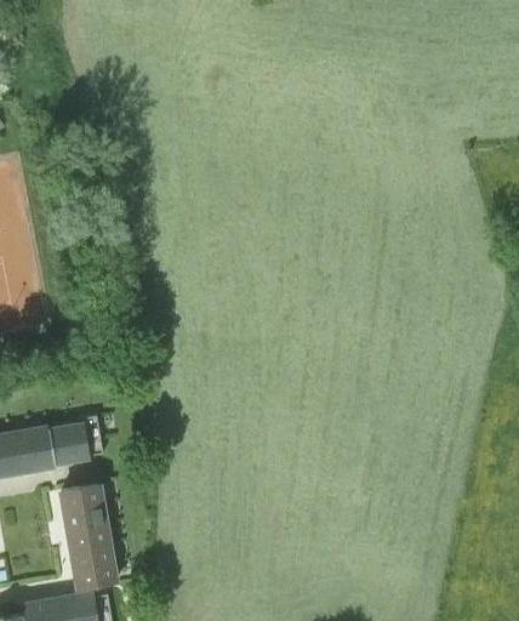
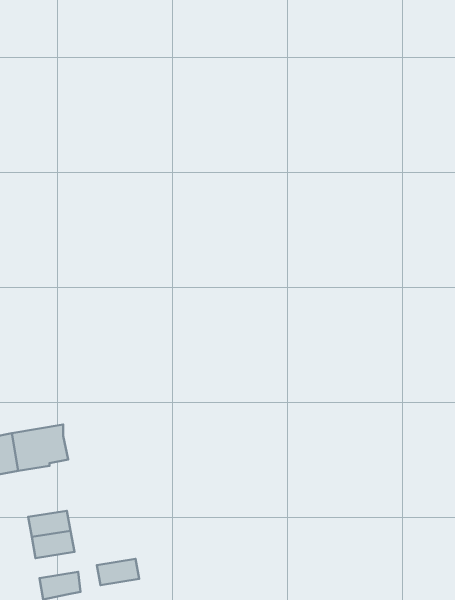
building: [58,483,99,509] -> none
building: [69,543,110,569] -> [97,559,139,585]

